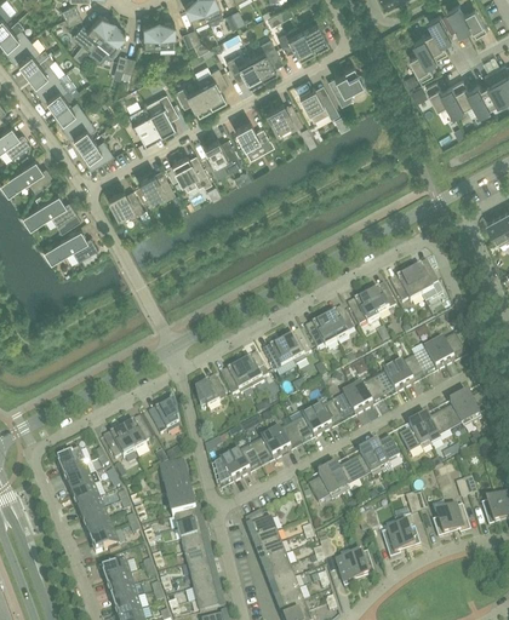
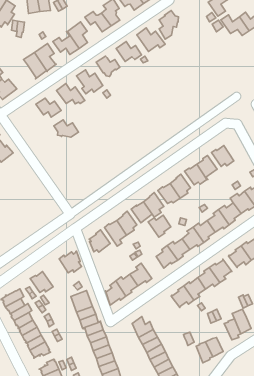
building: [107,189,142,216] -> [54,120,78,137]
building: [407,259,436,294] -> none
building: [120,415,150,450] -> none
building: [267,423,299,454] -> [148,215,171,237]

